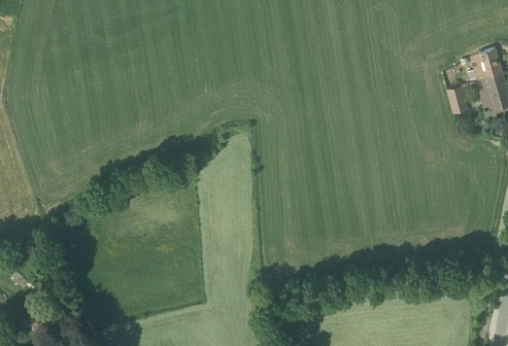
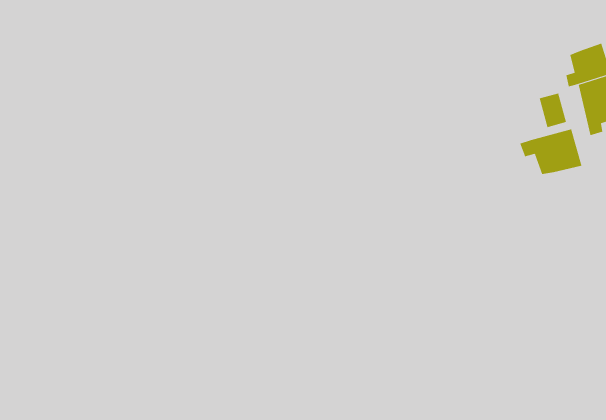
building: none -> [519,129,582,175]

